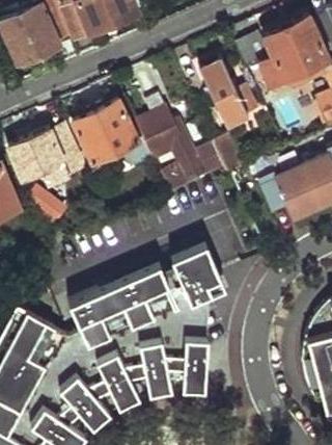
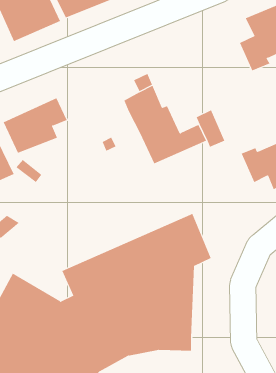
building: [198,59,256,127] -> none
building: [72,101,151,166] -> none

